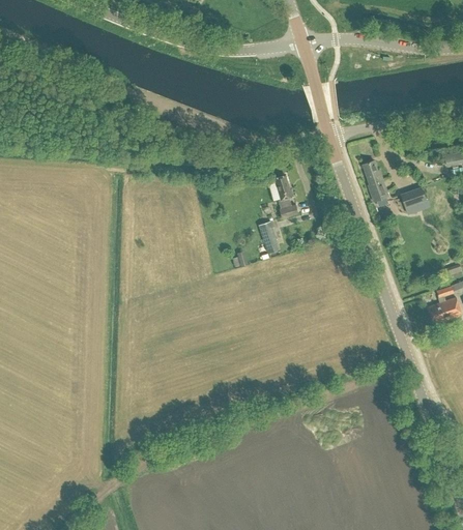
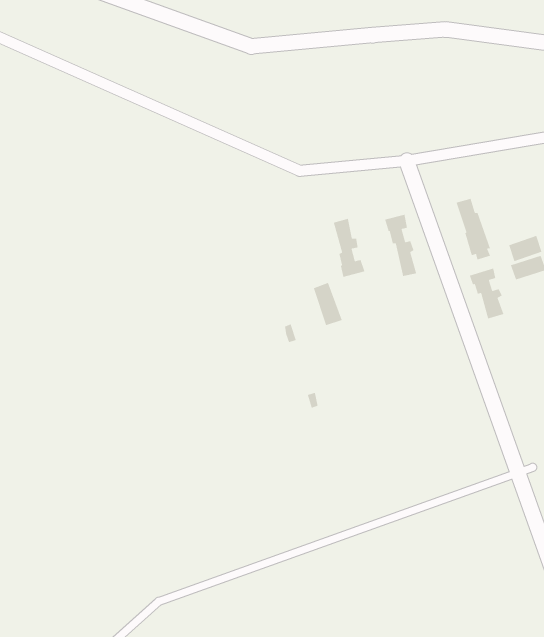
building: none -> [384,214,417,277]
building: none -> [469,267,505,319]

